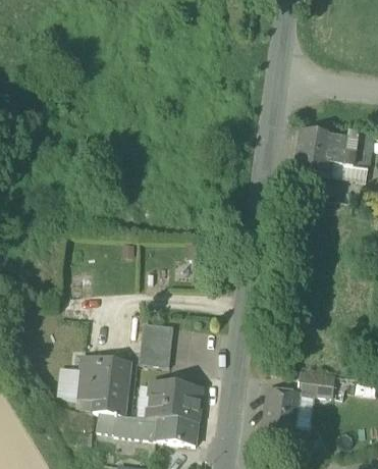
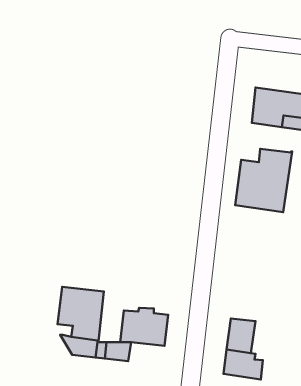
building: none -> [235,149,292,212]
building: [140,322,172,365] -> none
building: [299,369,345,399] -> none
building: [156,416,197,442] -> none

